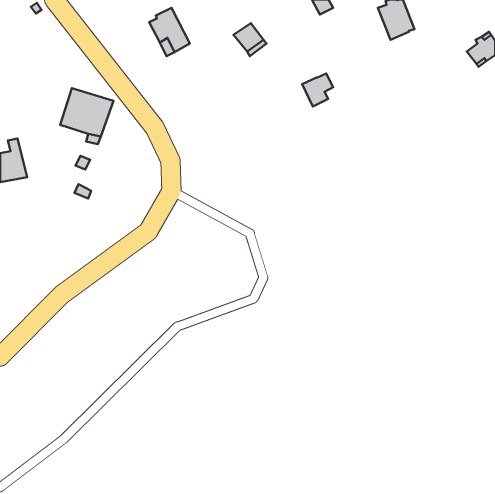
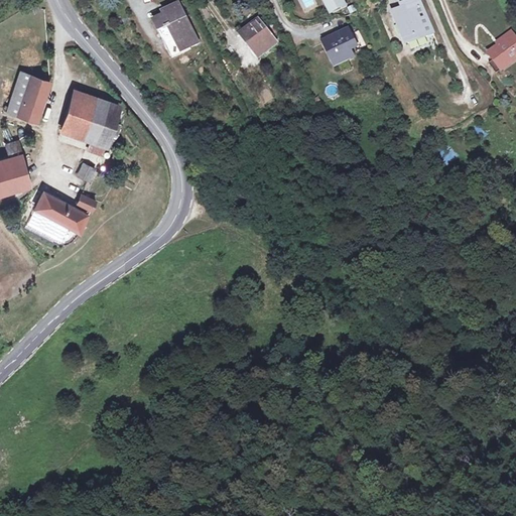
building: none -> [5,72,47,120]
building: [302,73,333,106] -> [327,33,359,68]
building: none -> [36,191,86,226]

